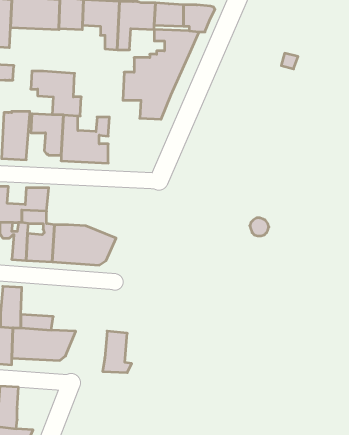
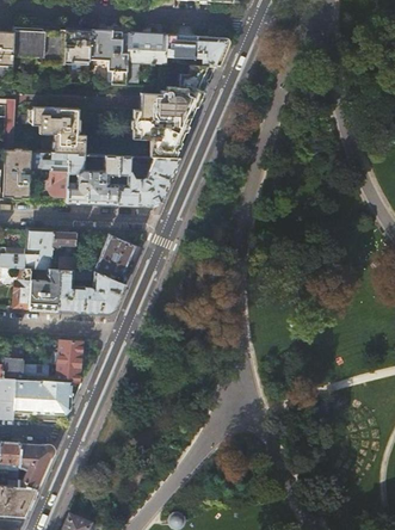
building: none -> [116,155,178,205]
building: none -> [50,230,75,270]
building: none -> [92,233,141,284]
building: [103,331,132,373] -> [55,339,86,383]
building: none -> [18,443,55,488]

